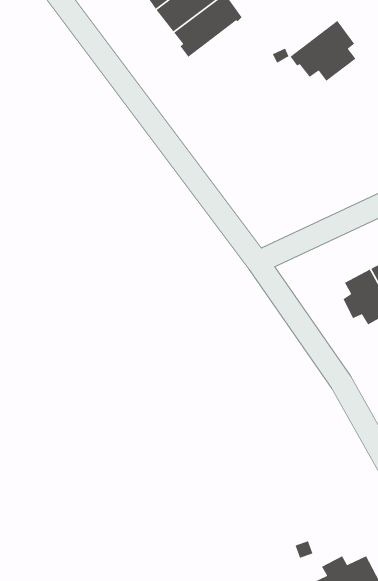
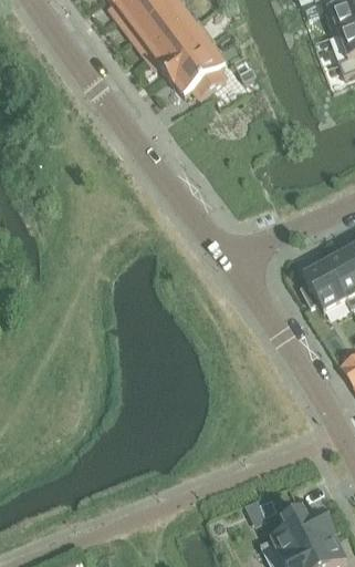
building: [289,20,356,82] -> [166,43,225,97]

